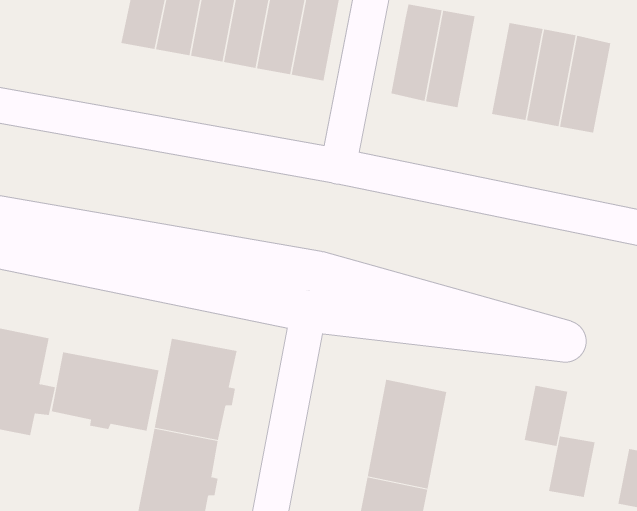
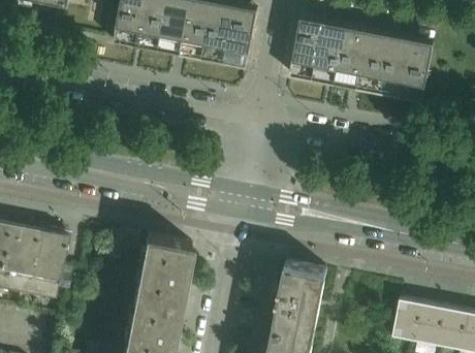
building: none -> [335,24,368,88]
building: [51,351,159,432] -> none
building: [524,385,568,447] -> [417,302,446,343]

